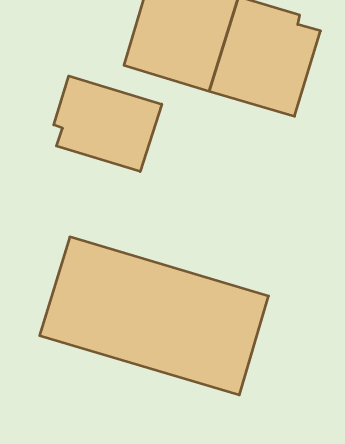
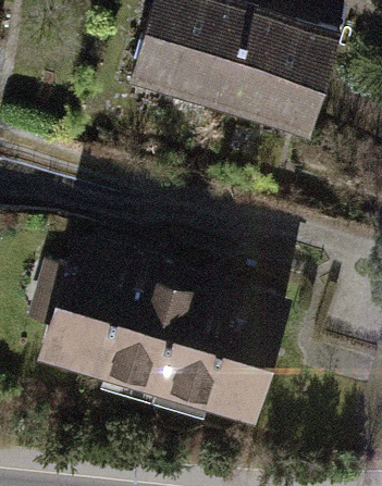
building: [54,76,162,172] -> none

